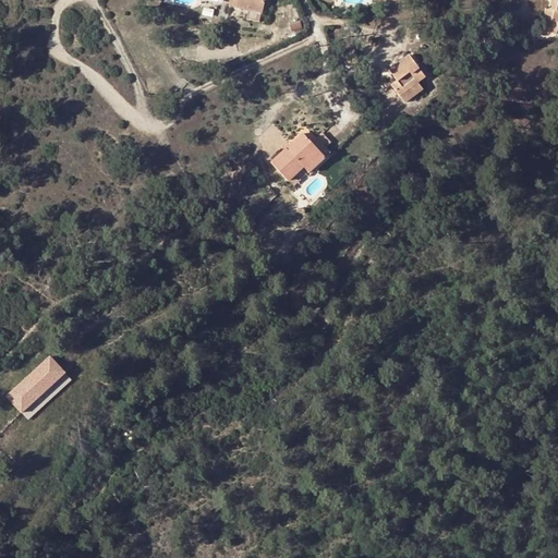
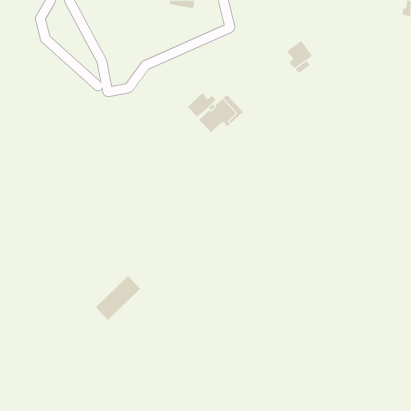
building: none -> [187,92,216,118]
building: [10,353,72,415] -> [95,275,141,321]

